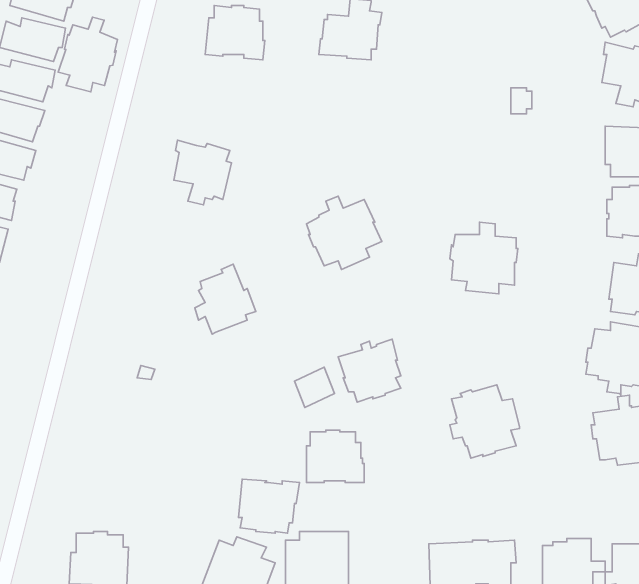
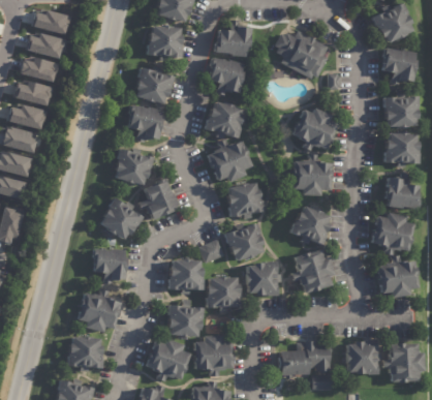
building: none -> [276,31,329,79]
building: [58,17,117,92] -> none
building: none -> [210,57,245,95]
building: none -> [135,67,174,103]
building: none -> [207,101,243,137]
building: none -> [294,107,338,151]
building: none -> [115,149,153,185]
building: none -> [226,182,265,217]
building: none -> [102,197,143,240]
building: none -> [291,207,331,245]
building: none -> [94,249,127,284]
building: none -> [171,258,204,289]
building: none -> [245,260,277,296]
building: none -> [79,288,120,332]

